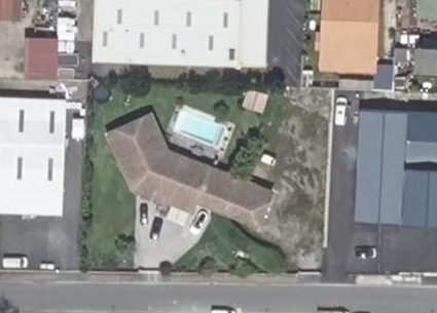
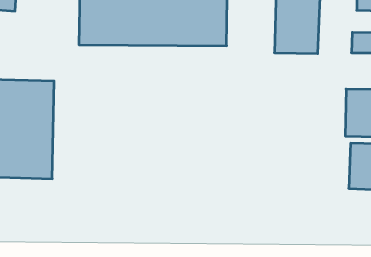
building: [25,38,62,81] -> none
building: [356,111,404,224] -> none
building: [109,118,270,223] -> none

